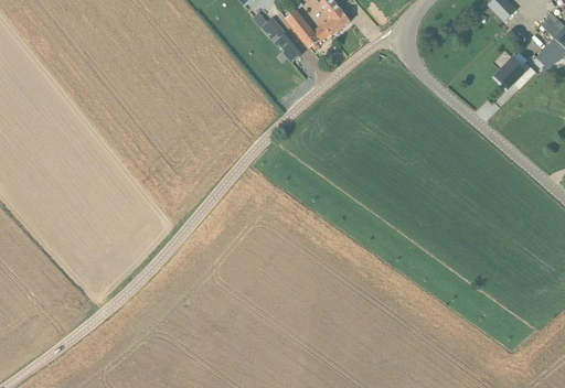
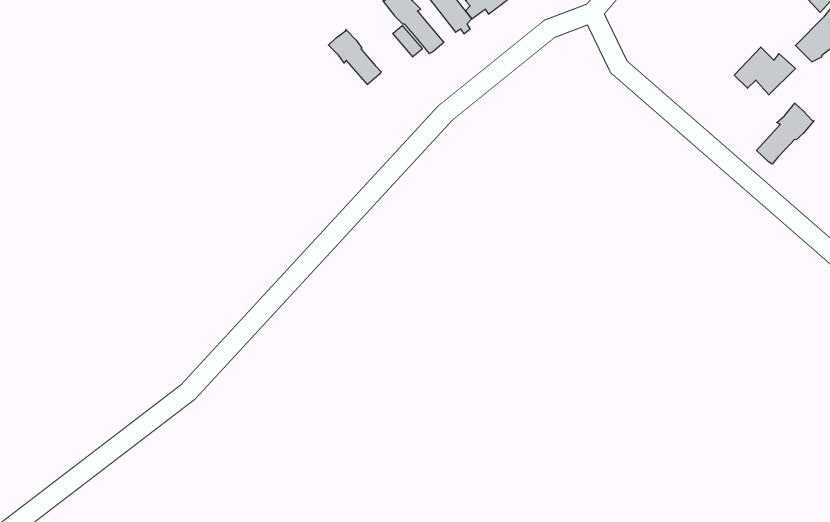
building: none -> [328,29,381,85]
building: none -> [756,103,814,164]

